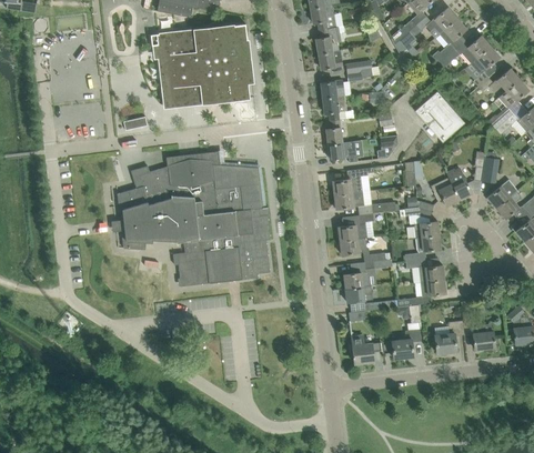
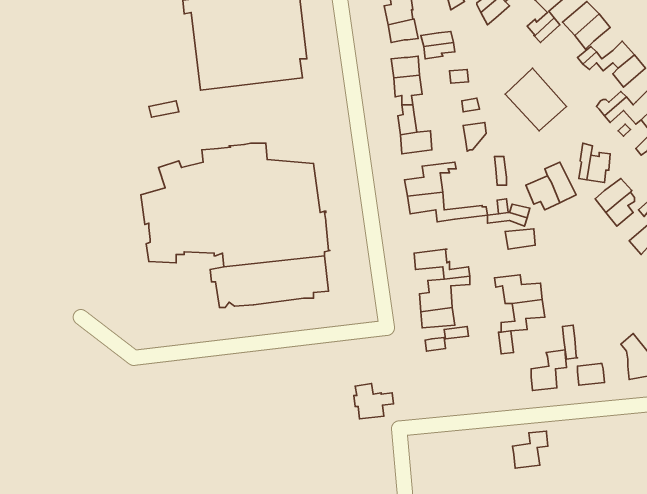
building: [337,213,373,241] -> none
building: [405,234,441,261] -> none
building: [392,329,421,359] -> [513,431,548,468]
building: [350,334,382,363] -> [354,383,393,419]

